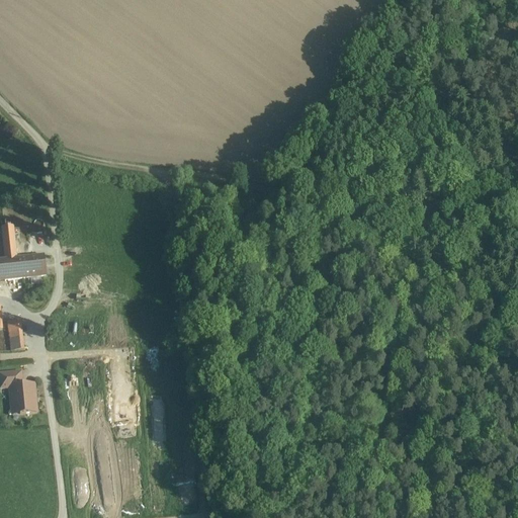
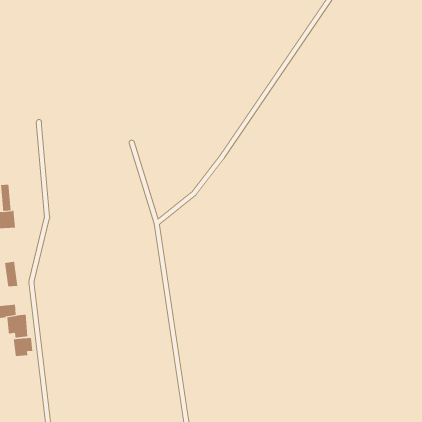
building: [17,254,45,278] -> none
building: none -> [13,337,33,357]

